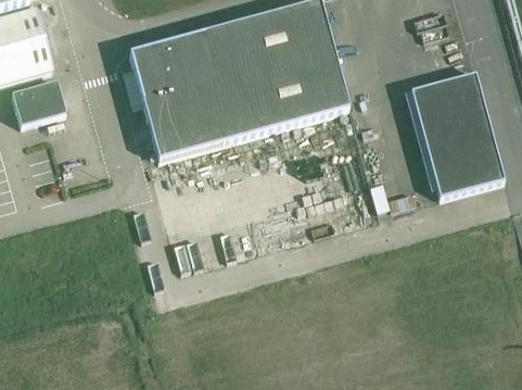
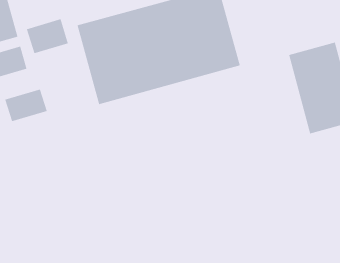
building: none -> [26,18,69,54]
building: none -> [4,88,48,122]

